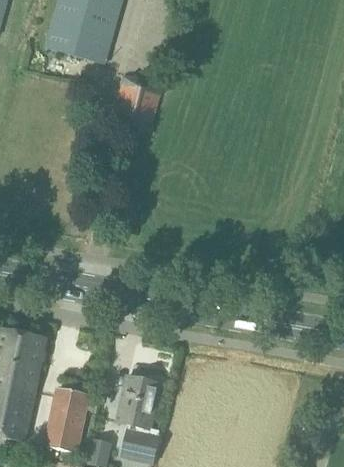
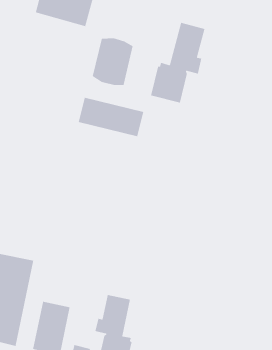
building: none -> [150,22,205,103]
building: none -> [78,97,144,137]

